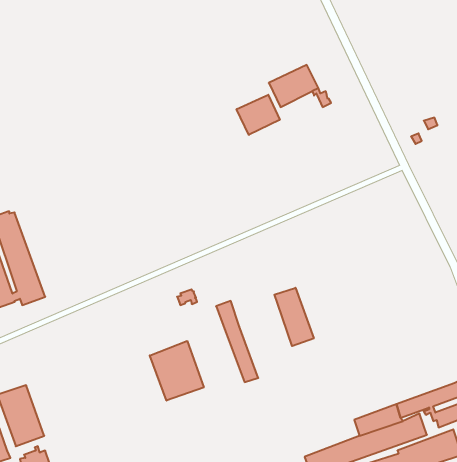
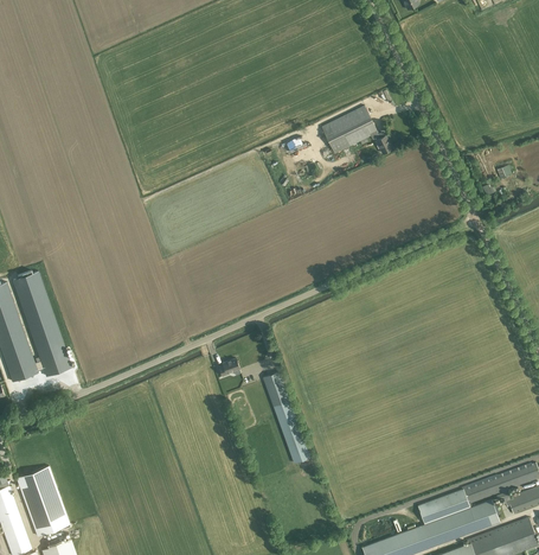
building: [237,95,280,135] -> none
building: [274,288,314,346] -> none
building: [150,341,204,401] -> none

